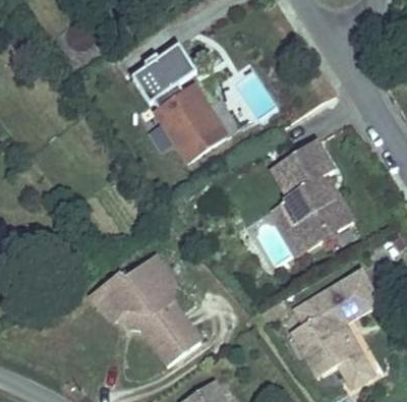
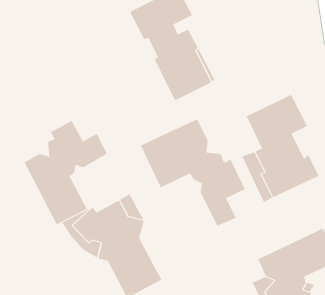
building: none -> [140,118,245,226]
building: none -> [24,120,107,225]

